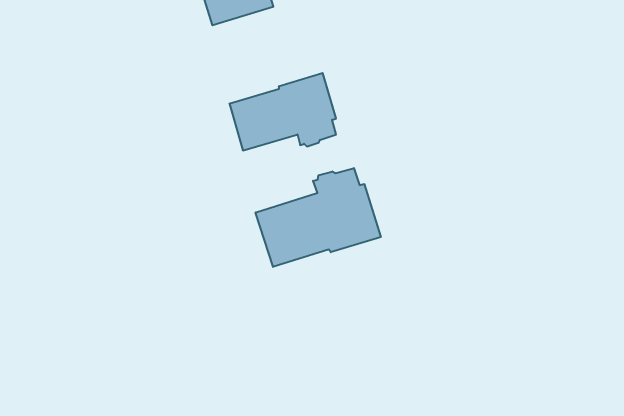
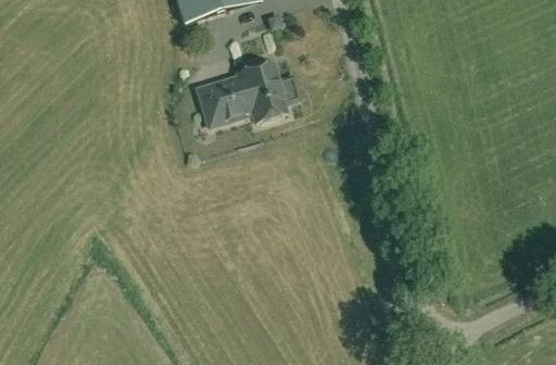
building: [256,168,381,267] -> none

